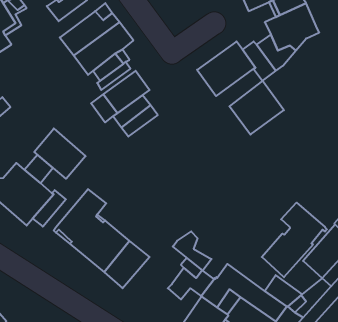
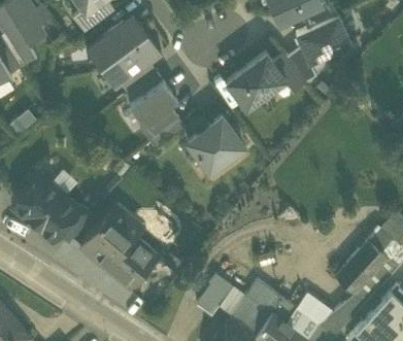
building: [229,81,284,135] -> [188,116,243,171]
building: [34,128,86,179] -> none
building: [262,203,327,277] -> none
building: [173,231,212,270] -> none

